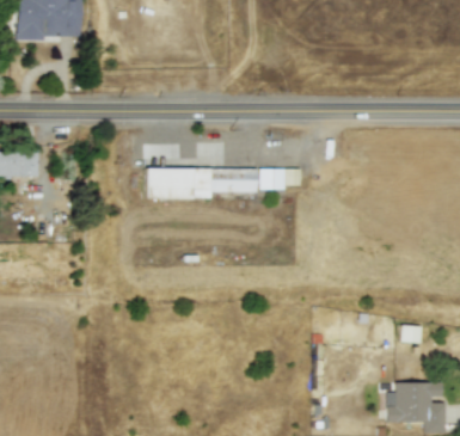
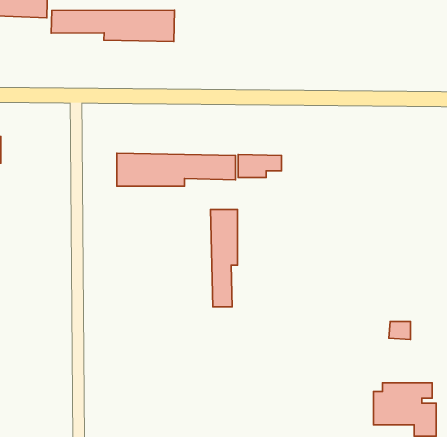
building: none -> [51,10,174,41]
building: none -> [211,210,237,307]

